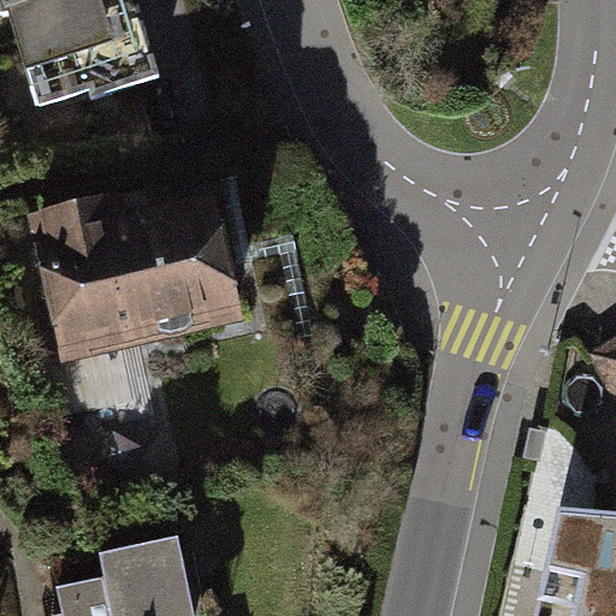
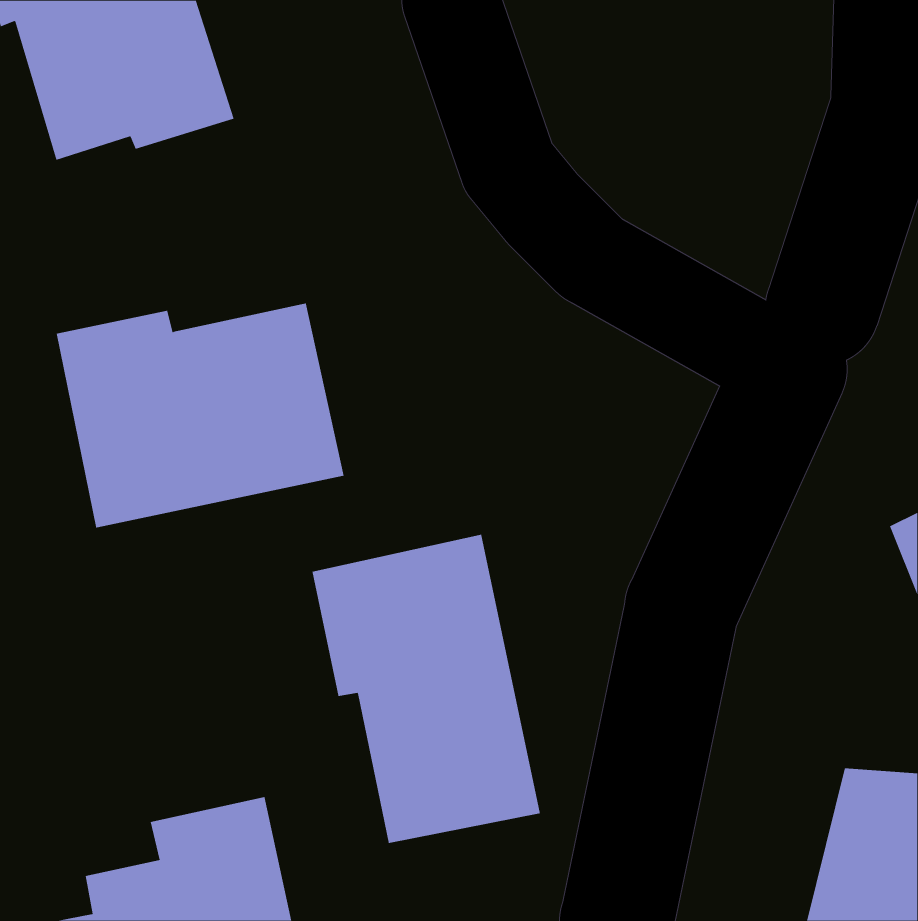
building: none -> [312,534,540,844]

